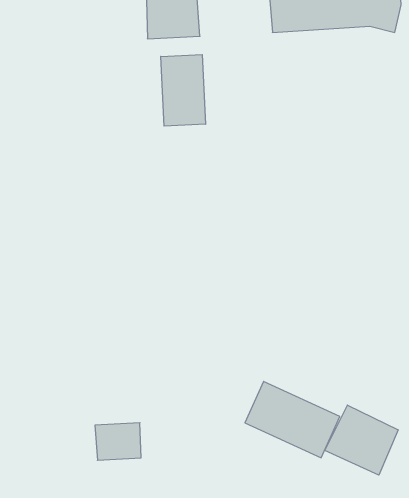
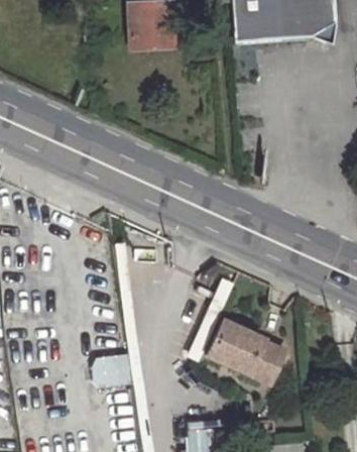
building: [161,55,206,126] -> none
building: [325,405,398,475] -> none

